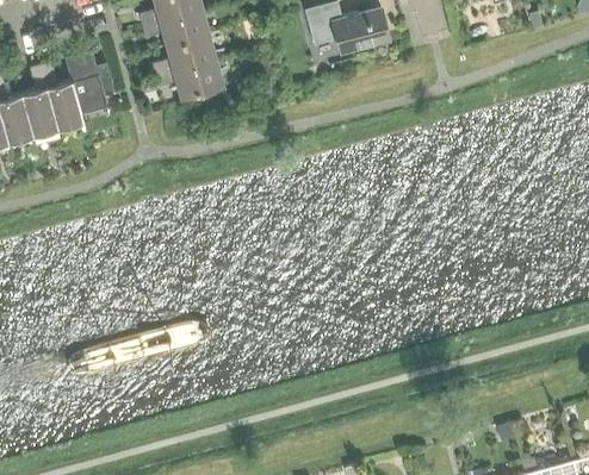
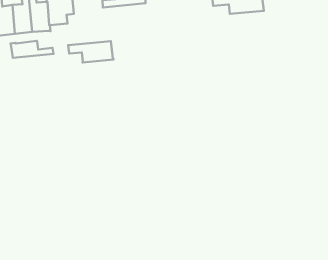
building: [155,58,224,96] -> [68,41,114,62]
building: none -> [10,41,54,58]

